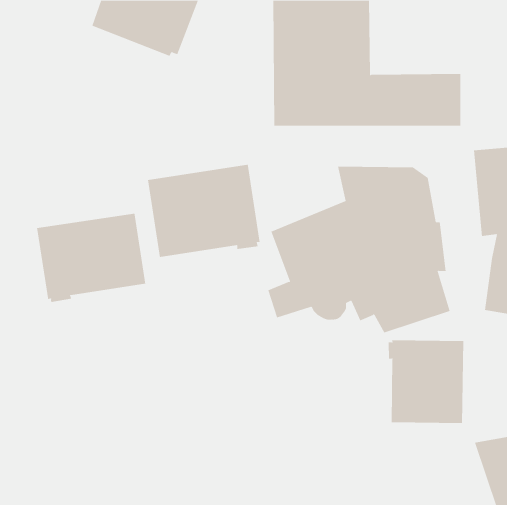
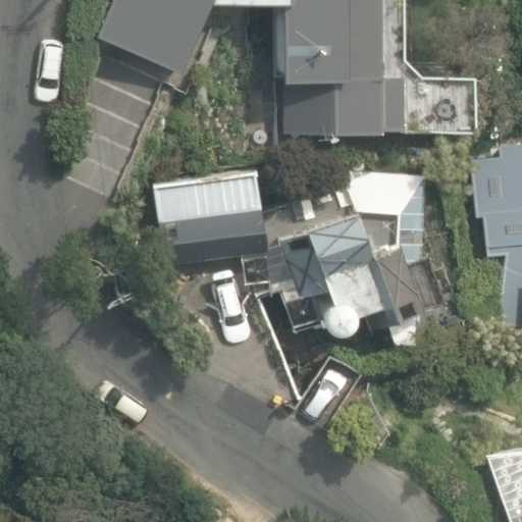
building: [37,213,146,303] -> none
building: [388,340,464,424] -> none

